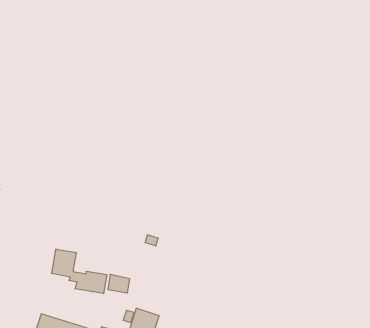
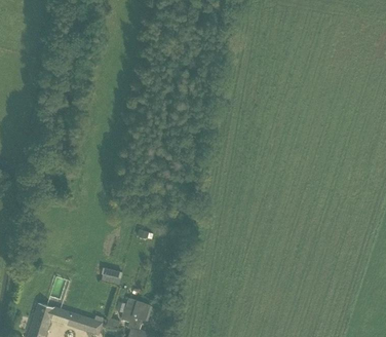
building: [52,249,107,294] -> none

